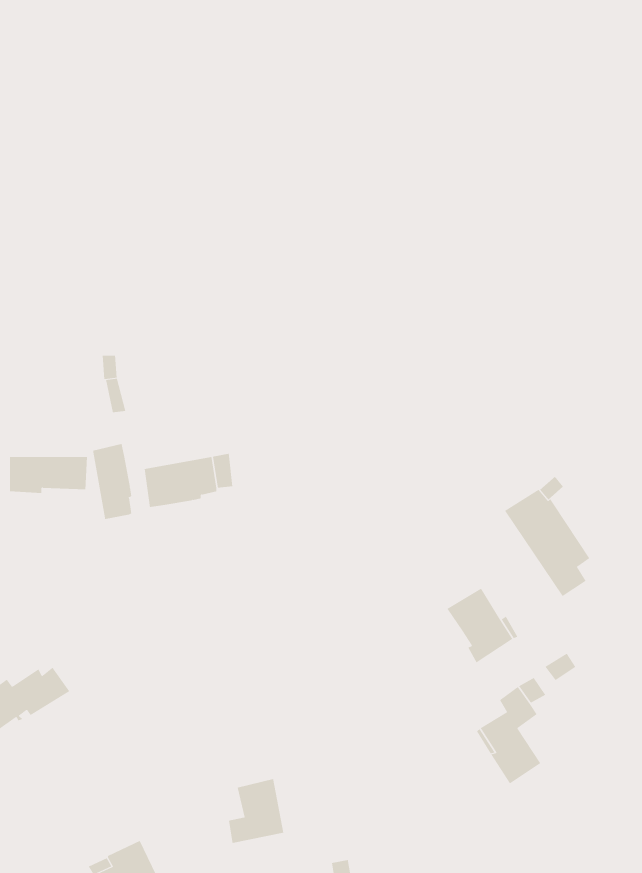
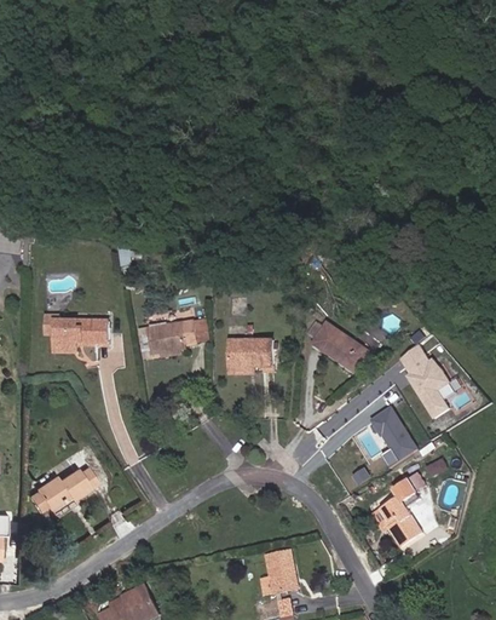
building: [92,443,132,520] -> none
building: none -> [311,322,368,372]
building: none -> [230,340,273,367]
building: [228,779,284,843] -> [260,551,299,596]

